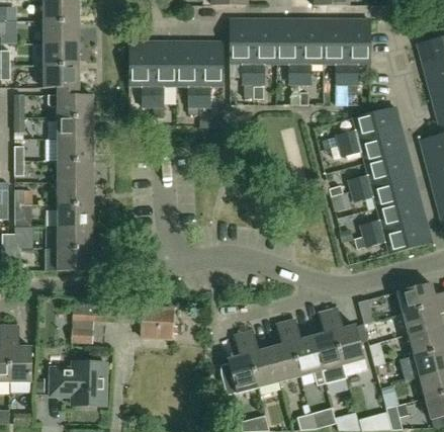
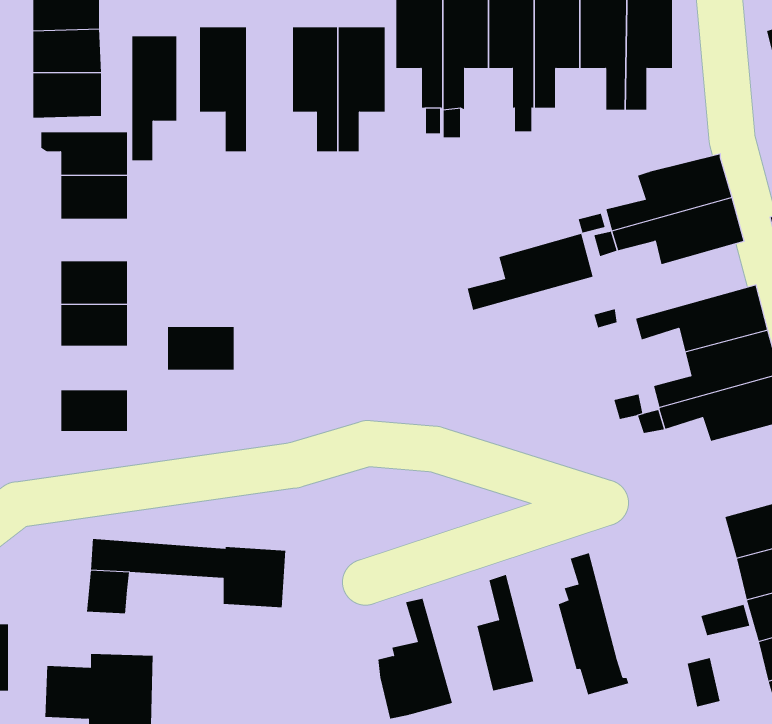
building: [153,41,176,105] -> [131,36,177,161]
building: [58,140,92,161] -> none
building: [348,151,413,190] -> [467,233,594,310]
building: [58,204,92,227] -> [167,326,234,370]
building: [58,248,92,271] -> none
building: [328,308,366,373] -> none
building: [285,319,327,384] -> none
building: [243,330,278,386] -> none

